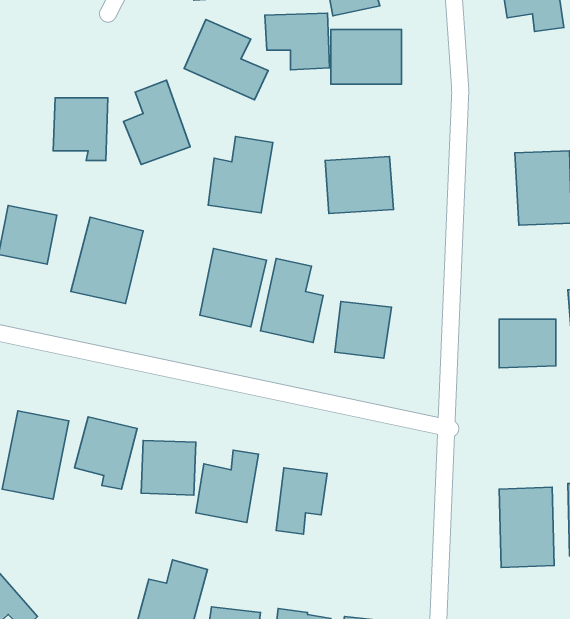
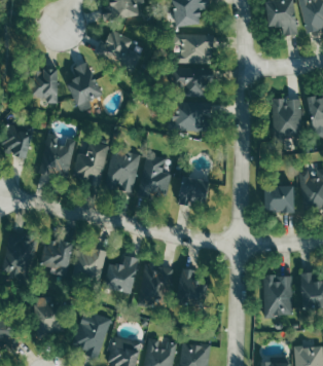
building: [265,13,329,70] -> [173,68,207,98]
building: [208,137,273,213] -> [75,142,109,182]
building: none -> [176,268,209,306]
building: none -> [36,297,59,334]

